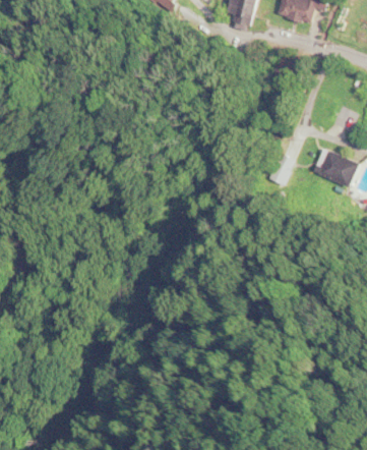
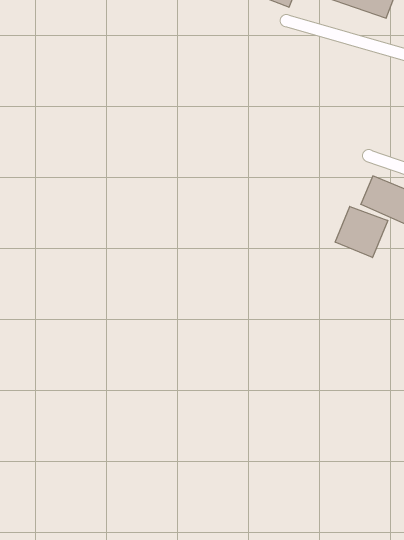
building: none -> [335,206,388,258]

